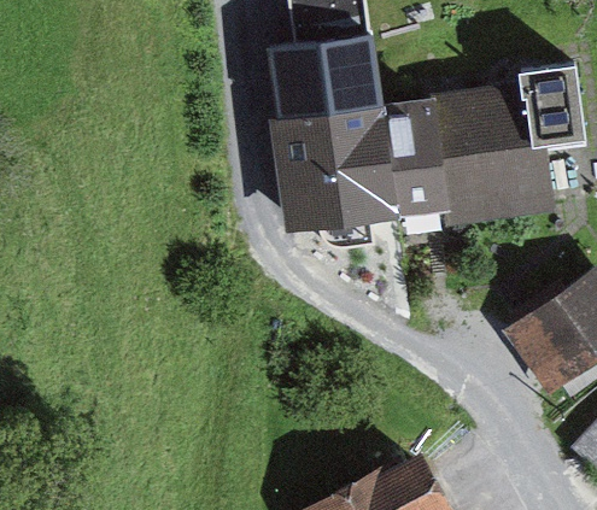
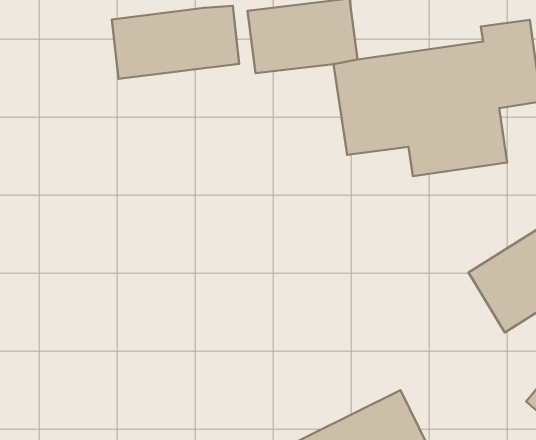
building: none -> [112,6,239,79]
building: [268,107,379,218] -> none

